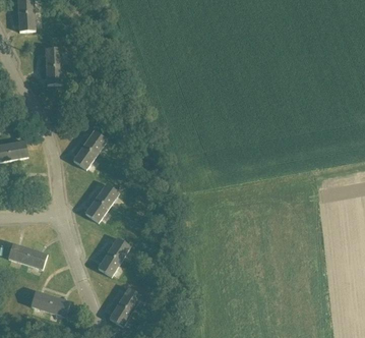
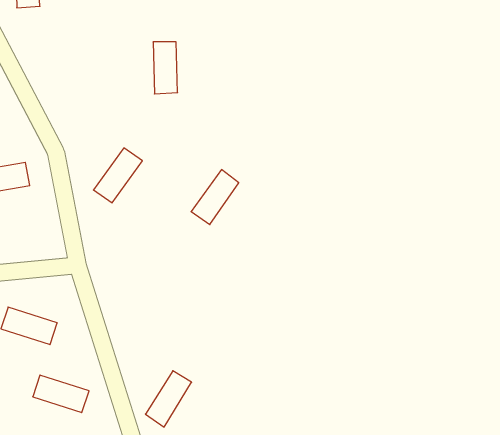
building: [45,48,62,85] -> [153,42,178,94]
building: [84,183,118,222] -> [191,170,239,225]
building: [97,237,130,277] -> none

